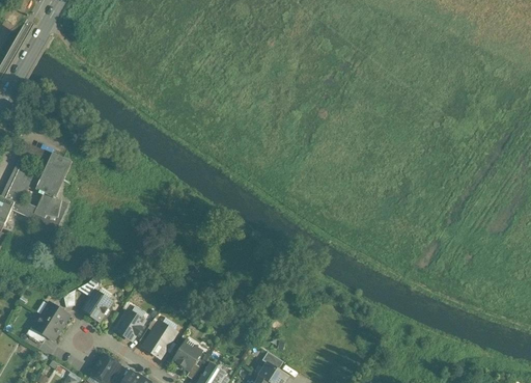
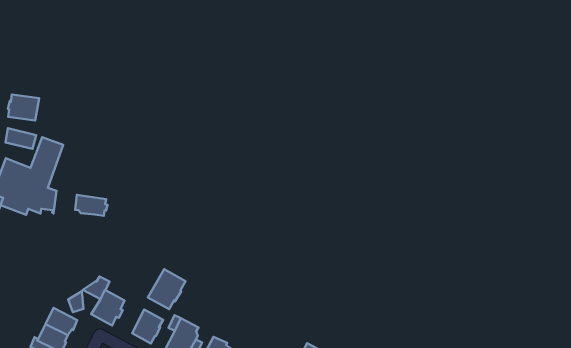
building: none -> [8,94,39,121]
building: none -> [75,195,107,216]
building: none -> [148,269,186,309]

